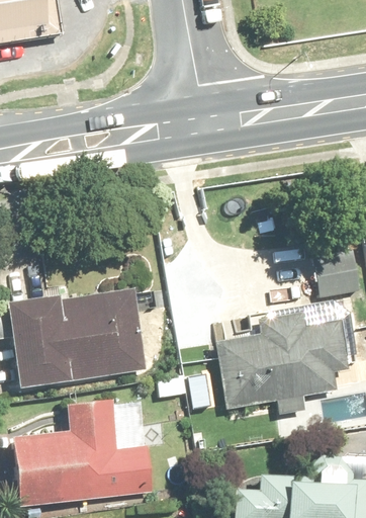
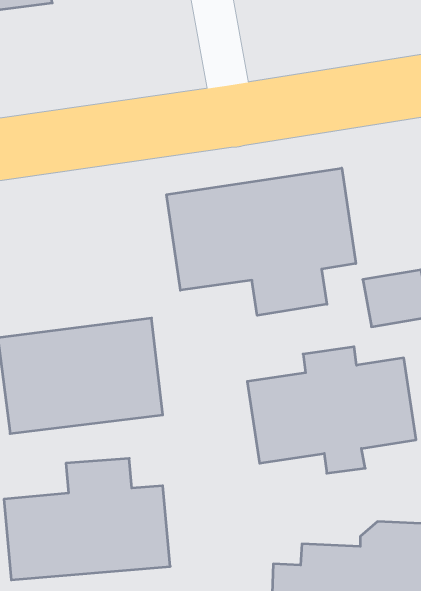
building: none -> [167,168,356,315]

